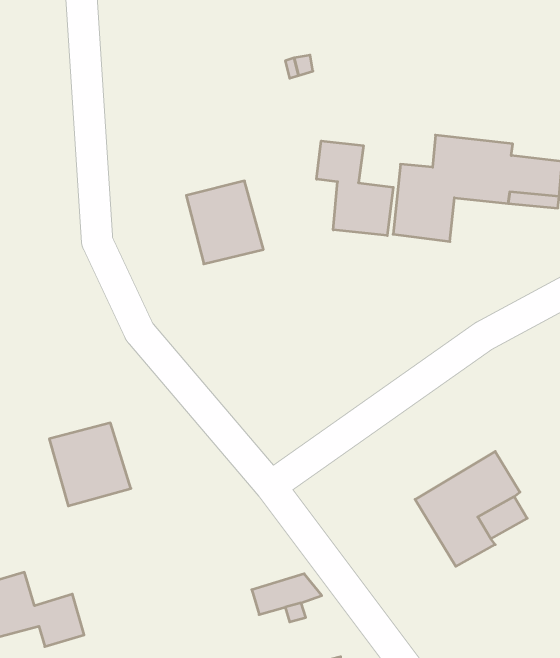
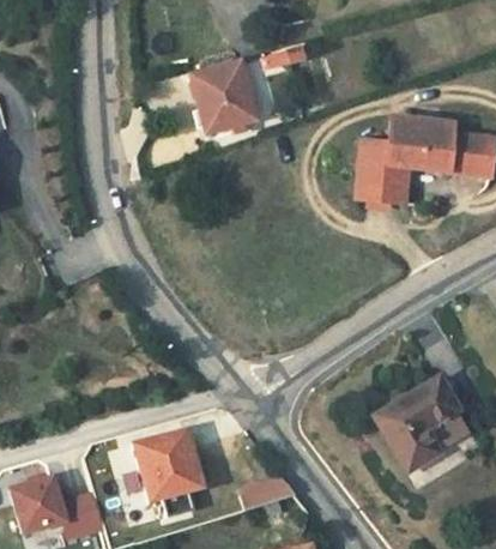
building: [317,141,393,236] -> none
building: [186,181,263,264] -> [193,62,256,131]
building: [49,423,131,506] -> [135,432,202,500]

